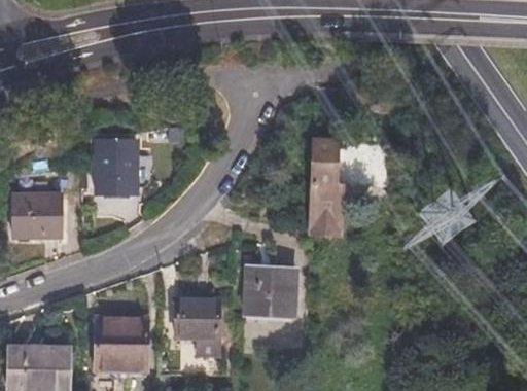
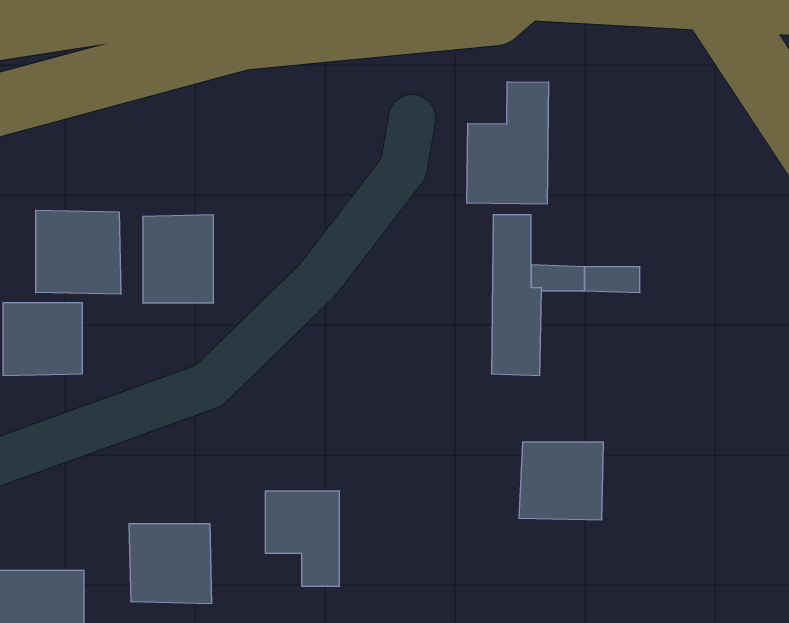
building: none -> [467,82,548,204]
building: none -> [36,210,121,294]
building: [244,266,294,313] -> [519,442,603,520]

